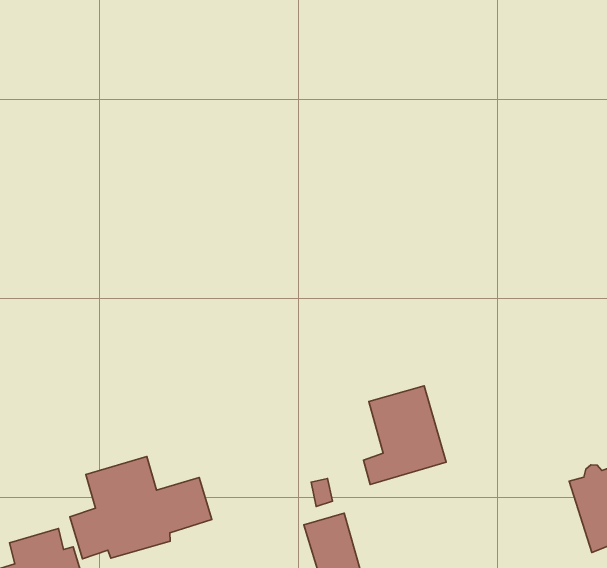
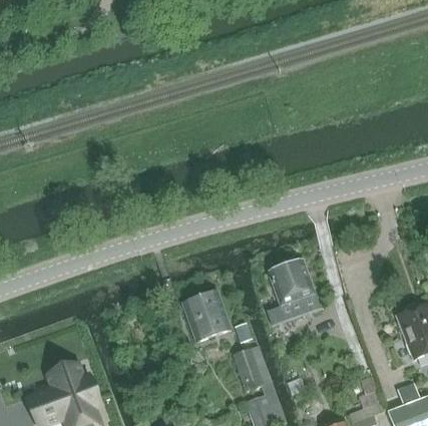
building: none -> [182,290,231,341]
building: [70,456,212,559] -> none

